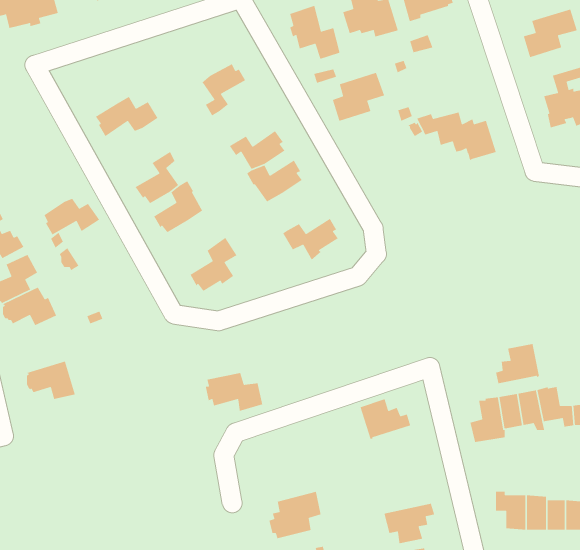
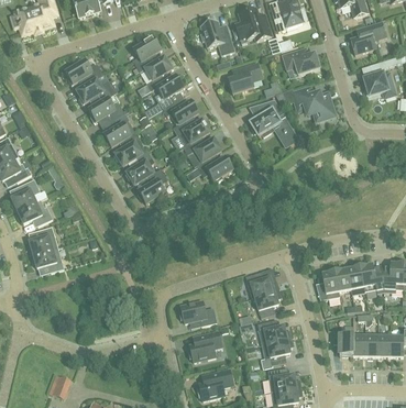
building: none -> [132,37,161,71]
building: none -> [282,46,319,75]
building: none -> [65,58,103,85]
building: none -> [156,75,184,109]
building: none -> [250,98,298,144]
building: none -> [183,136,220,163]
building: [43,198,100,235] -> [88,98,124,122]
building: none -> [124,150,155,184]
building: none -> [28,225,57,254]
building: [495,343,540,384] -> none
building: [205,372,263,412] -> [178,300,216,326]
building: none -> [254,288,281,317]
building: none -> [256,318,292,344]

